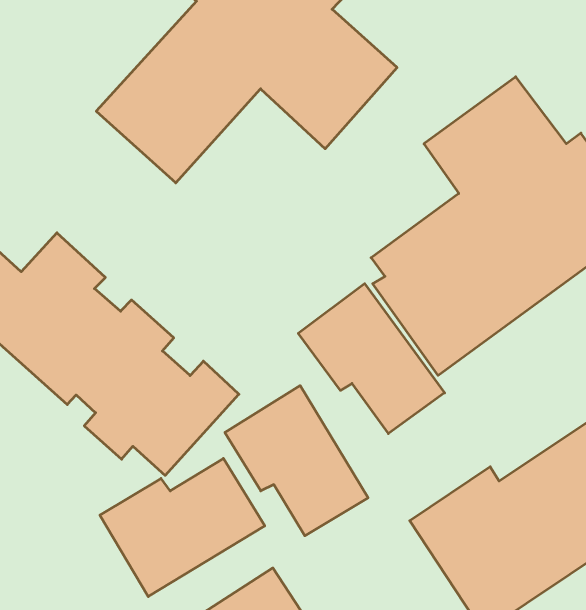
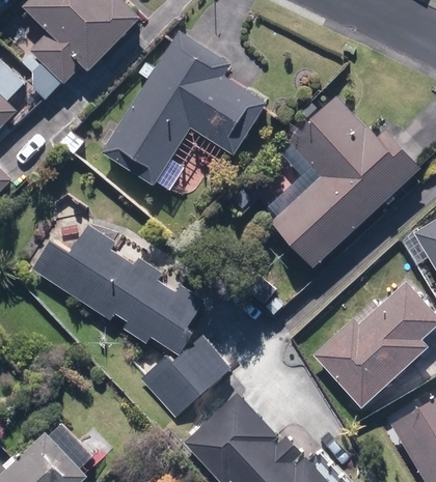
building: [298,284,445,434] -> none
building: [225,386,368,536] -> none

